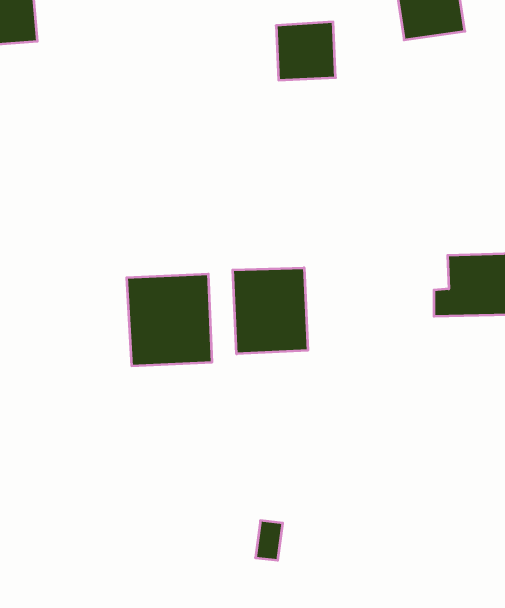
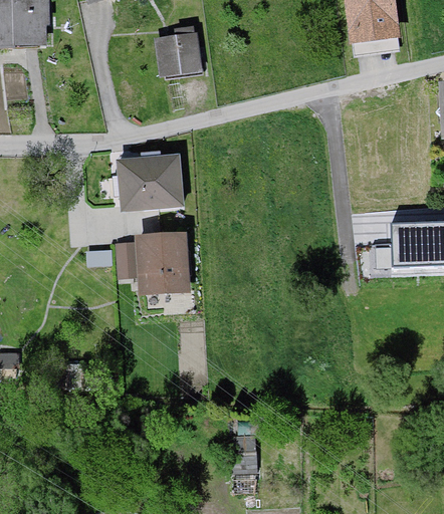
building: [276,22,336,80] -> [156,31,204,78]
building: none -> [117,149,189,211]
building: [233,268,308,354] -> none

